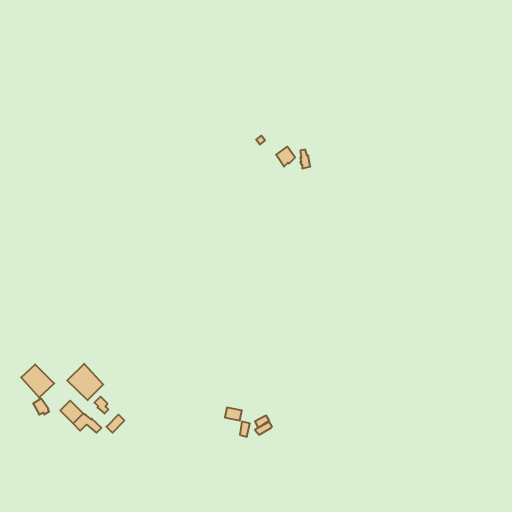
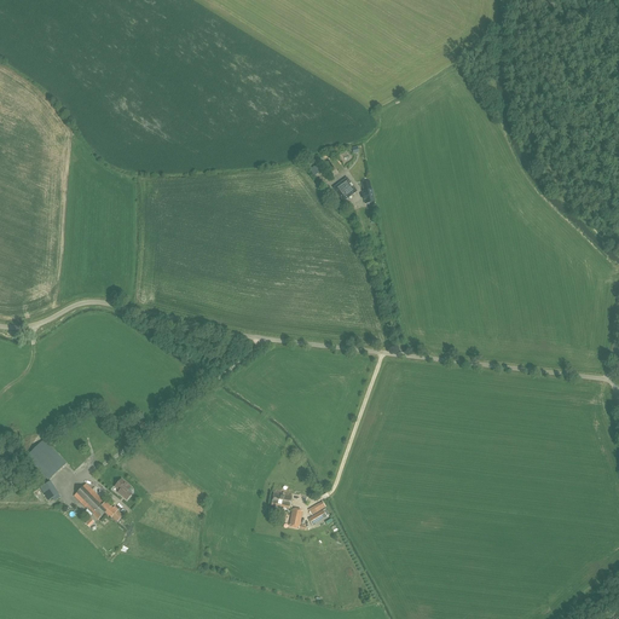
building: [67,364,103,400] -> none

